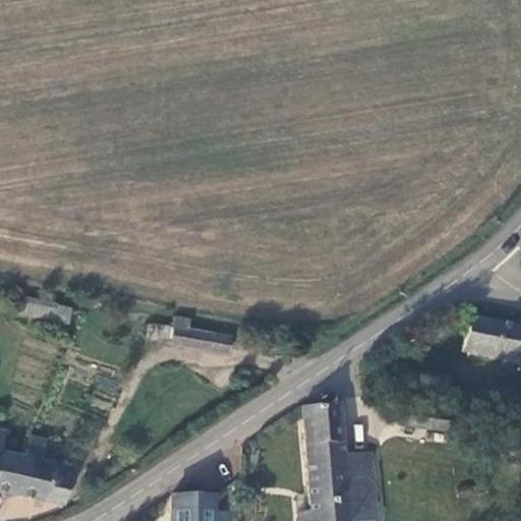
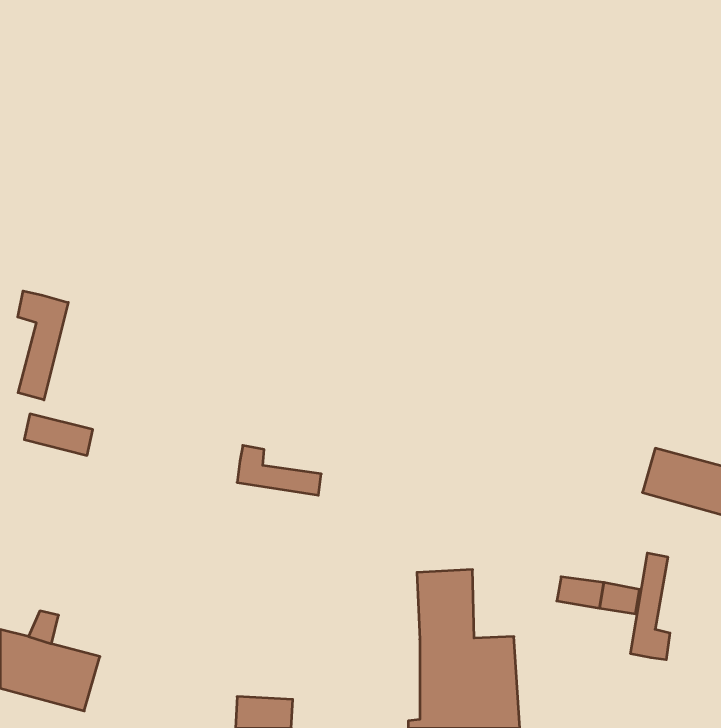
building: none -> [18,291,68,400]
building: none -> [631,553,670,660]

